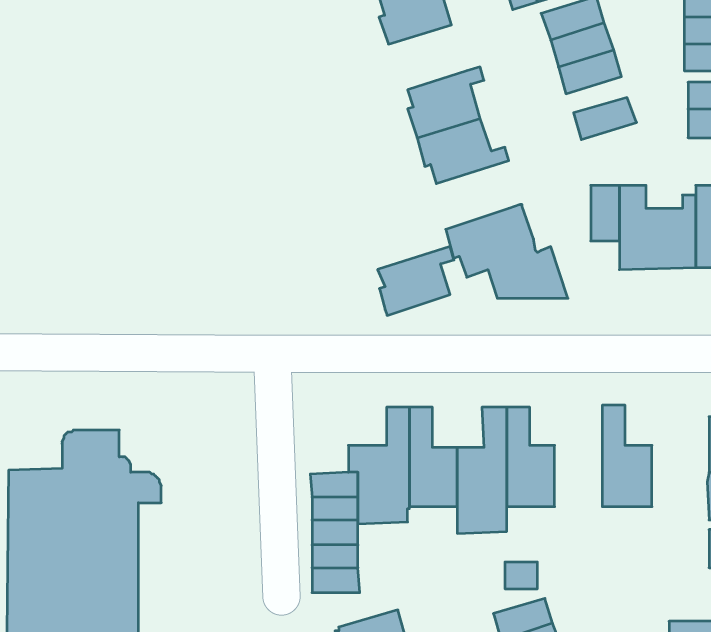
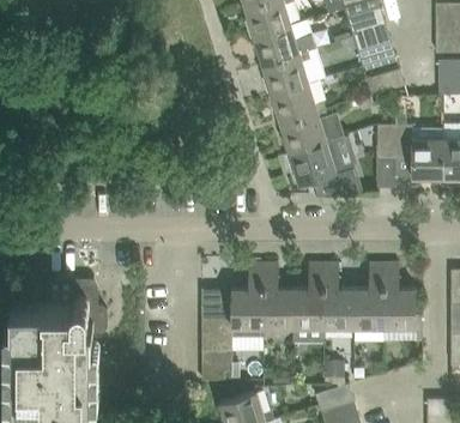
building: none -> [250,20,316,66]
building: [378,247,454,315] -> [280,110,328,153]
building: none -> [355,264,385,343]

